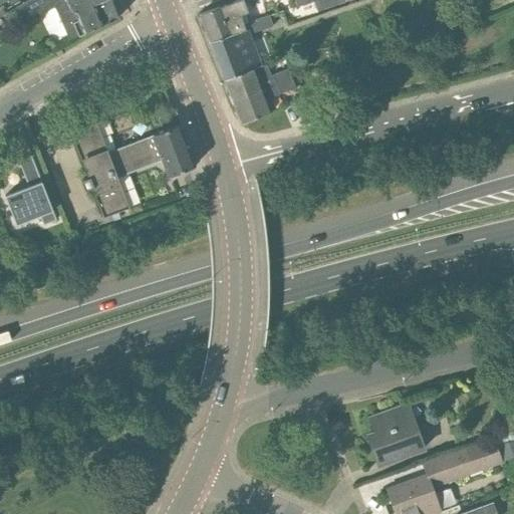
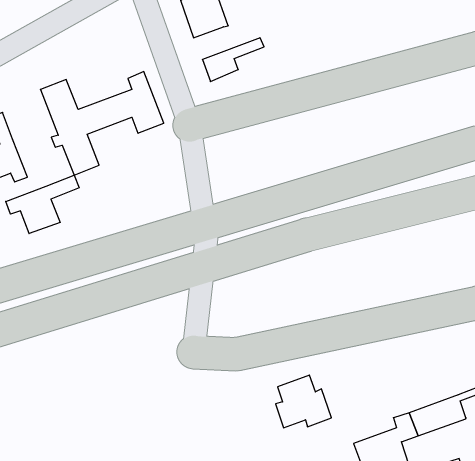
building: [225,68,292,101] -> none
building: none -> [6,175,79,234]
building: [367,406,424,459] -> [276,375,331,428]

